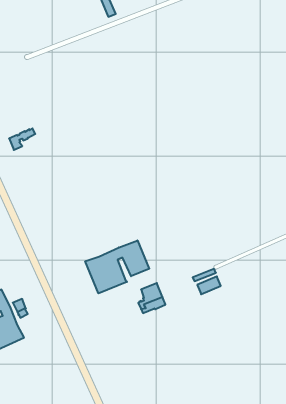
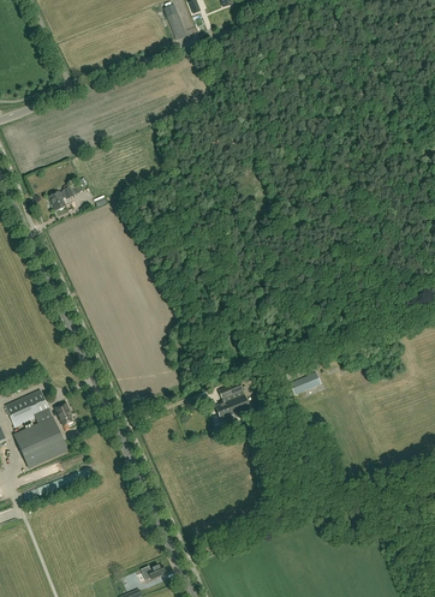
building: [85,240,149,293] -> none

